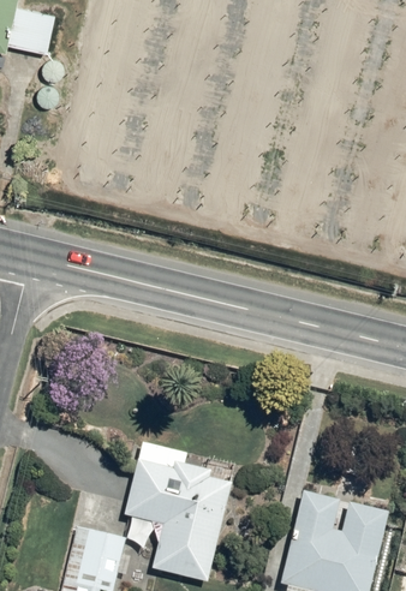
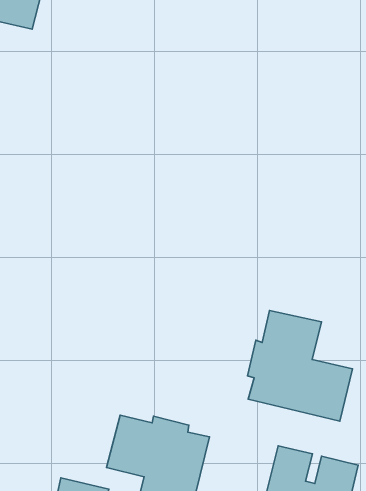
building: none -> [248,310,353,421]

